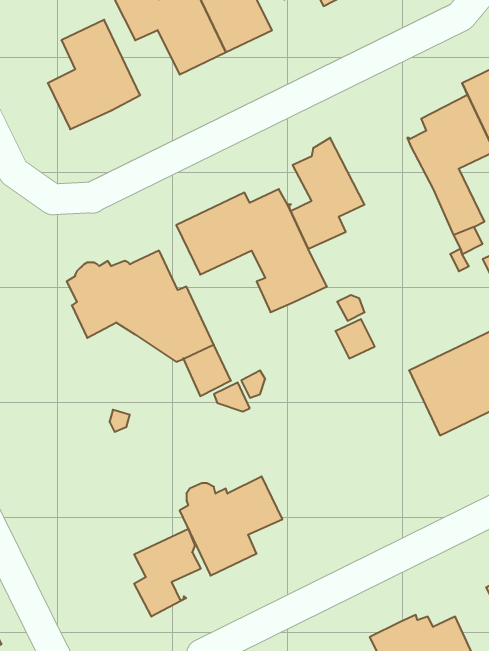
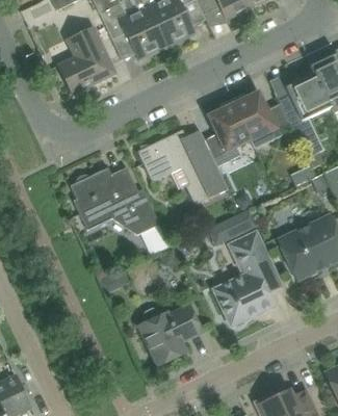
building: none -> [230,92,292,149]
building: none -> [213,232,281,327]
building: [134,529,201,617] -> none

